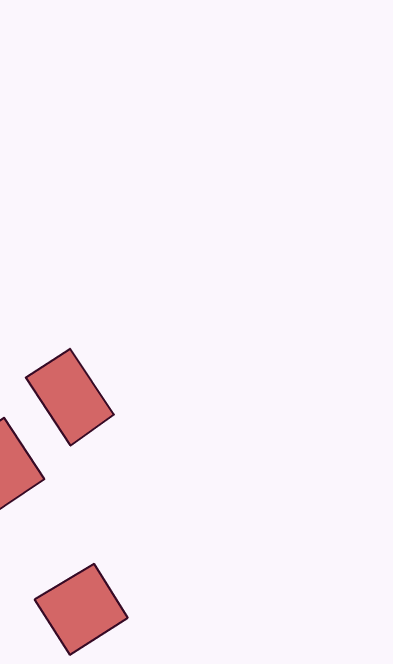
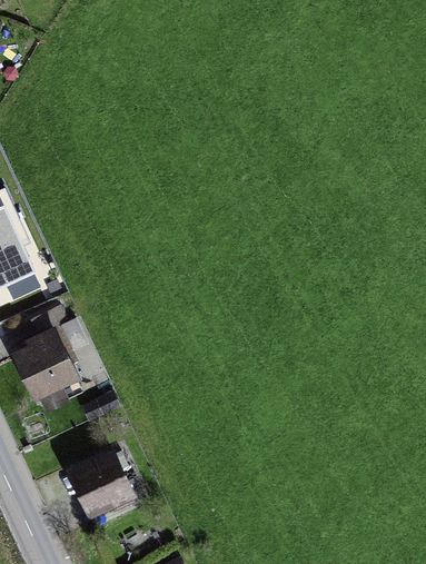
building: [26,349,114,446] -> none

